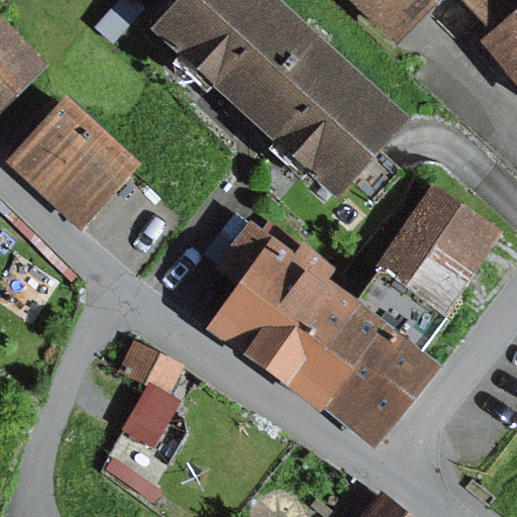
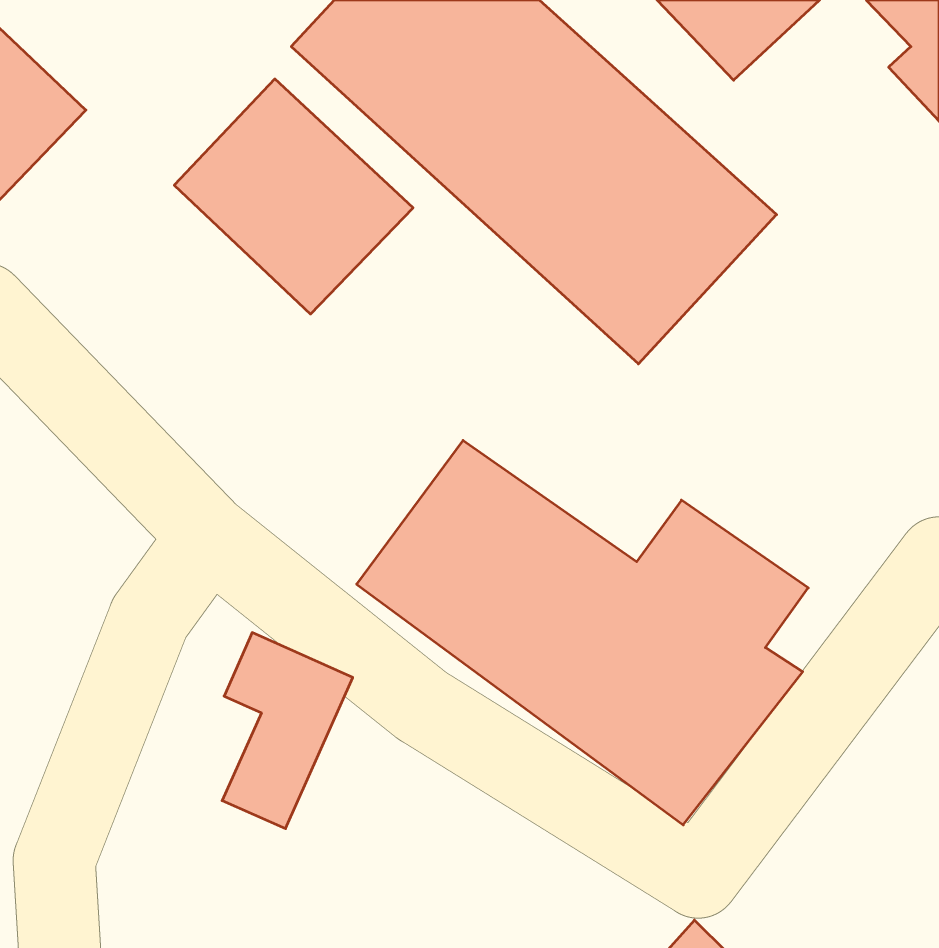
building: [12,95,141,222] -> [174,79,413,314]
building: [369,193,492,321] -> none

